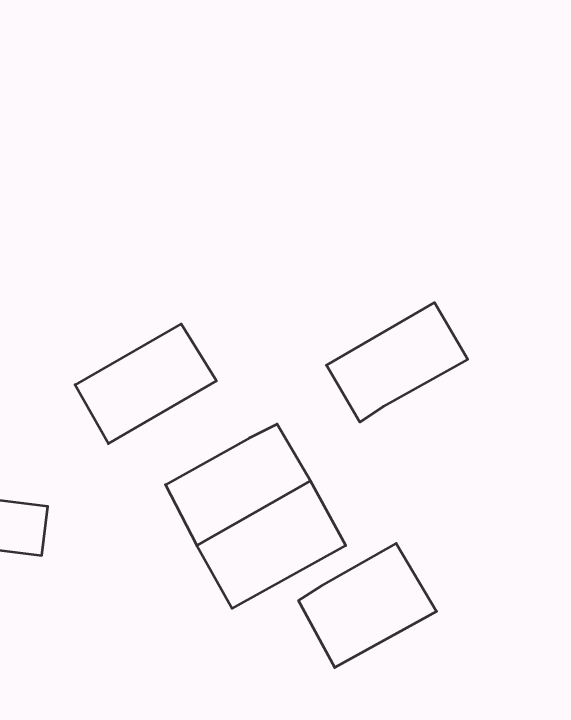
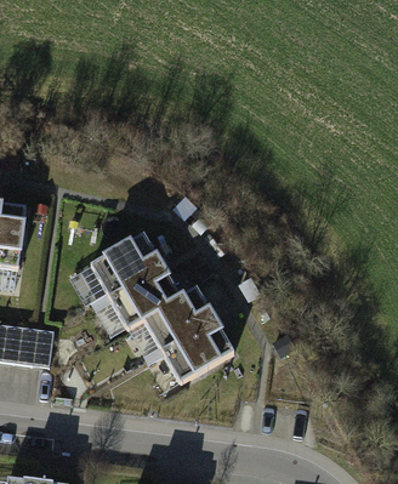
building: [326,303,468,422] -> [95,255,182,329]
building: [299,543,437,668] -> none

